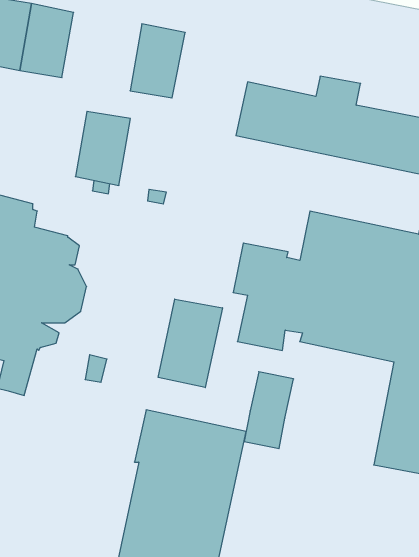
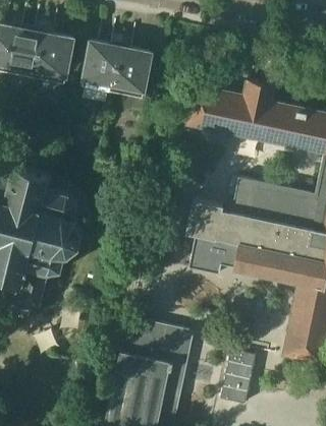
building: [75,111,130,185] -> [82,42,120,94]
building: [158,299,222,388] -> none
building: [244,372,294,449] -> [220,351,255,405]

